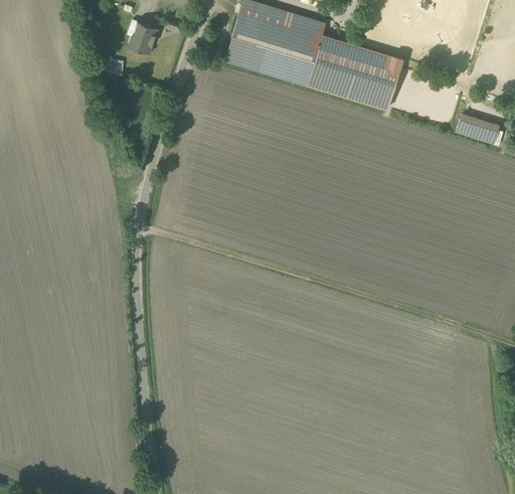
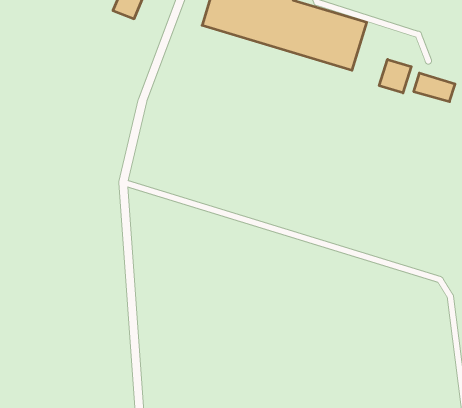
building: none -> [379,59,411,93]

